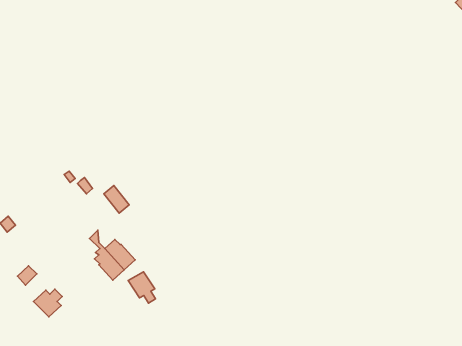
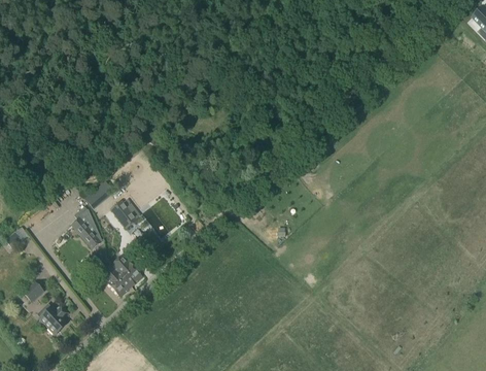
building: none -> [72,210,102,249]
building: [128,272,156,303] -> none

